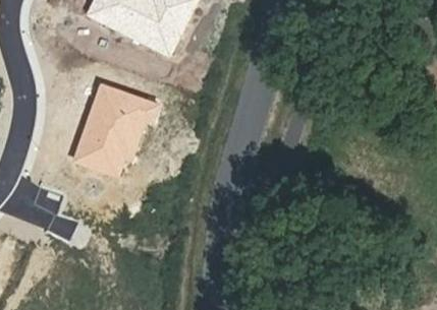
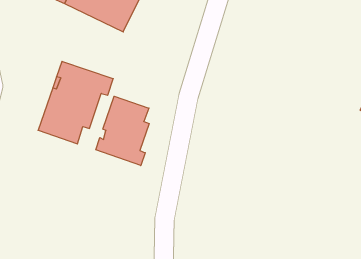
building: none -> [96,96,149,166]

